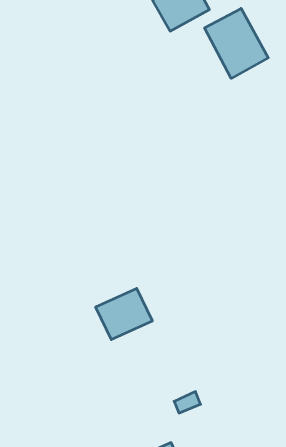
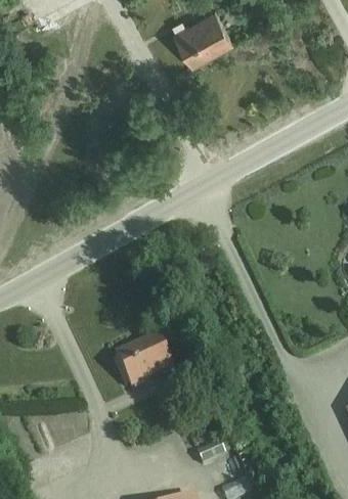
building: [205,8,268,78] -> none

